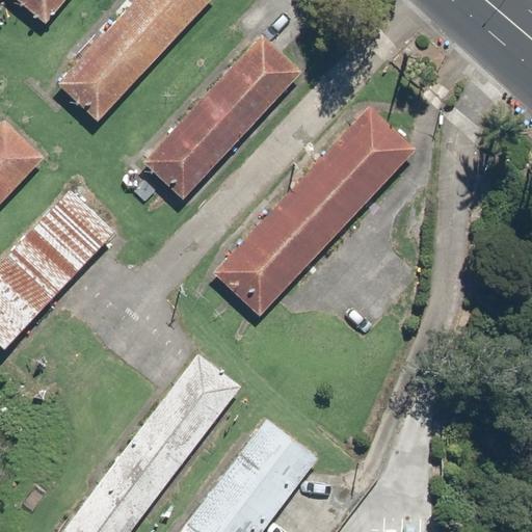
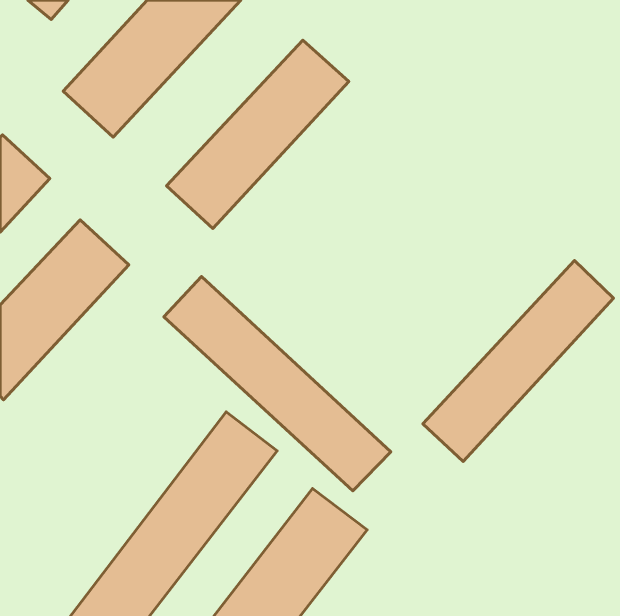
building: [214,105,416,316] -> none
building: none -> [423,261,613,461]
building: none -> [164,277,391,491]

